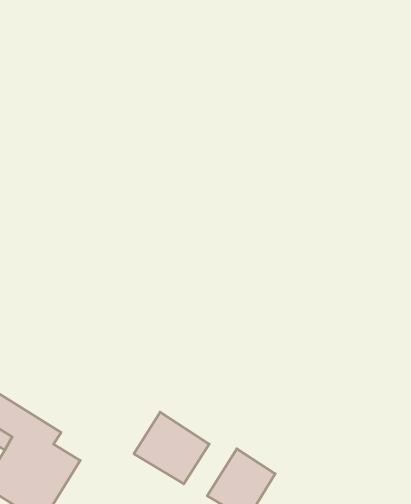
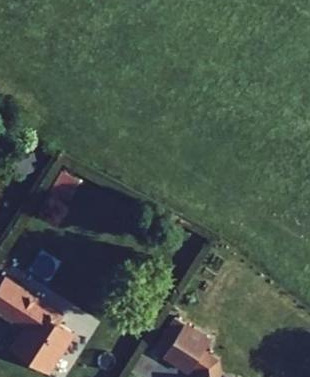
building: [134,412,209,484] -> none

